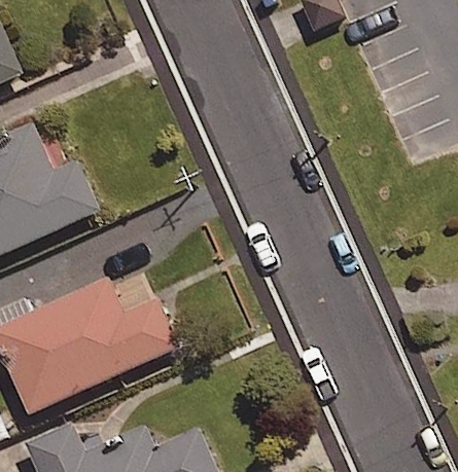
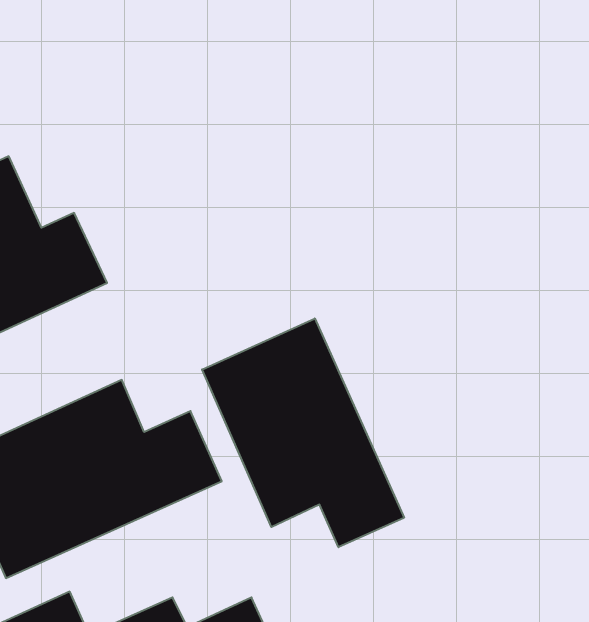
building: none -> [202,318,404,547]

